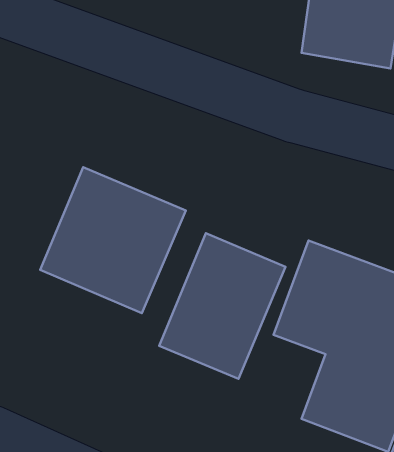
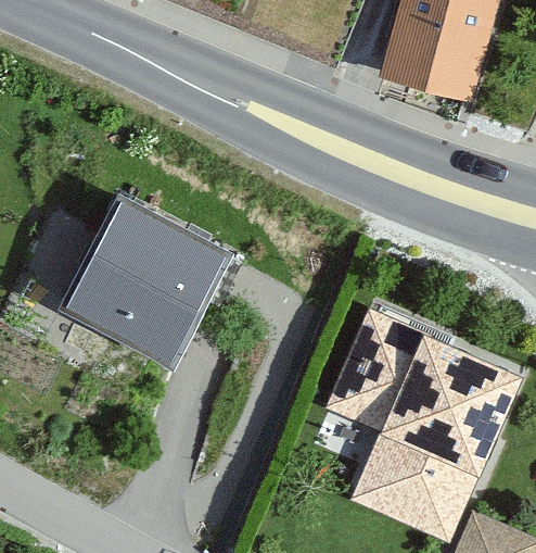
building: [159,233,286,379] -> none

